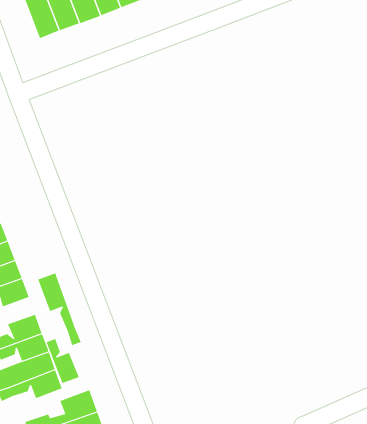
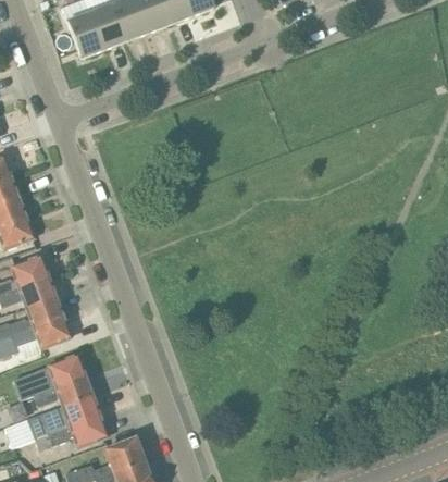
building: [37,272,81,346] -> none
building: [46,338,79,384] -> none

